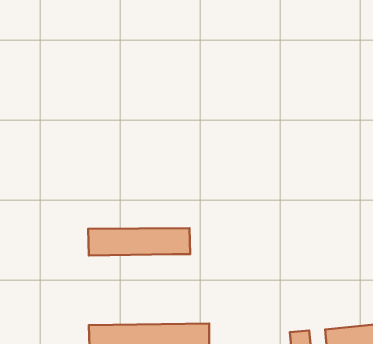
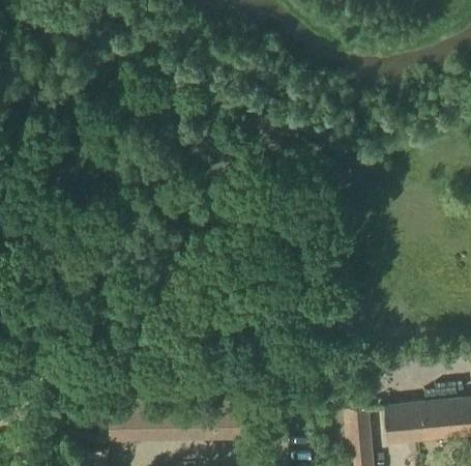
building: [88,228,190,256] -> none

